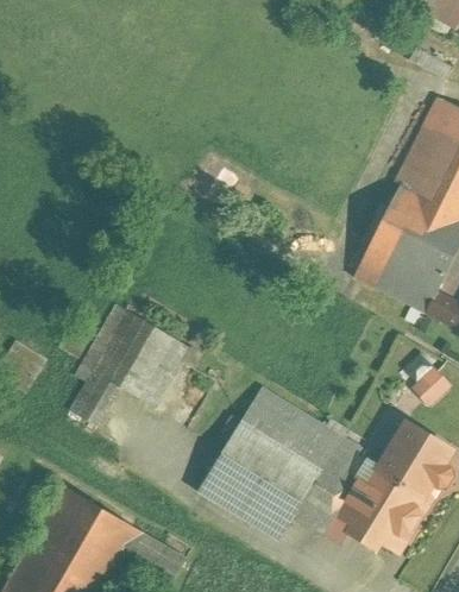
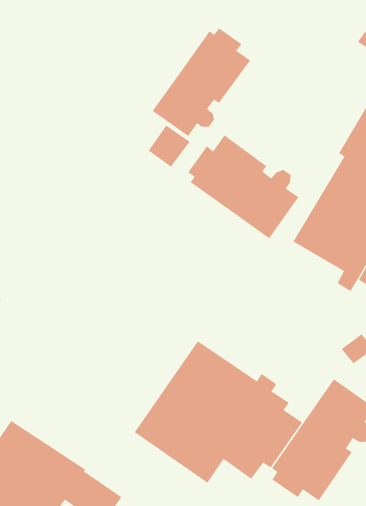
building: none -> [152,27,251,137]
building: none -> [187,134,299,239]
building: [69,310,191,427] -> none

